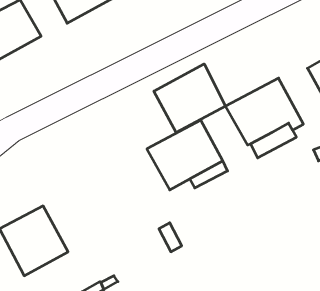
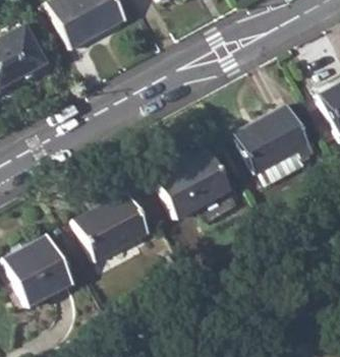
building: [154,64,226,132] -> none
building: none -> [74,191,150,260]

